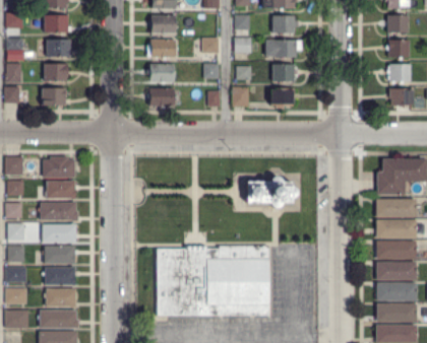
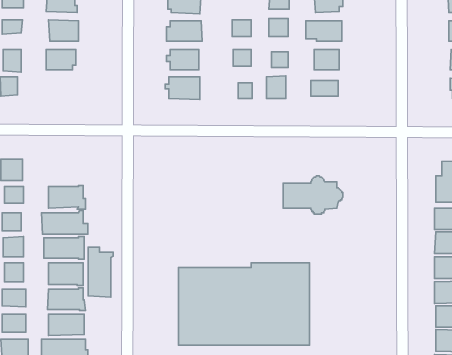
building: [41,87,66,106] -> none
building: [43,156,75,178] -> none
building: none -> [88,247,113,297]

